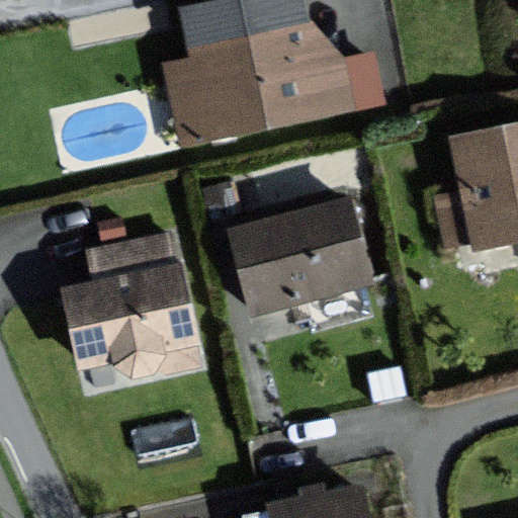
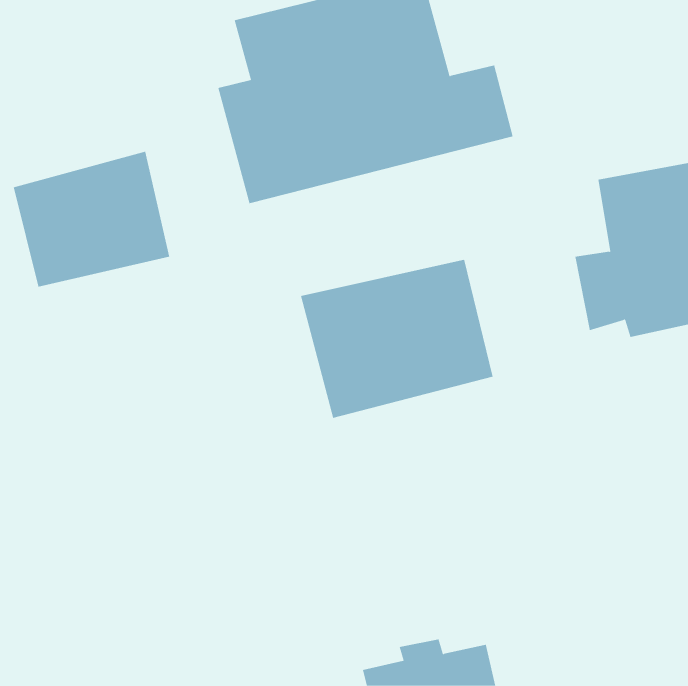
building: none -> [13,151,170,288]
building: [63,232,204,397] -> none

